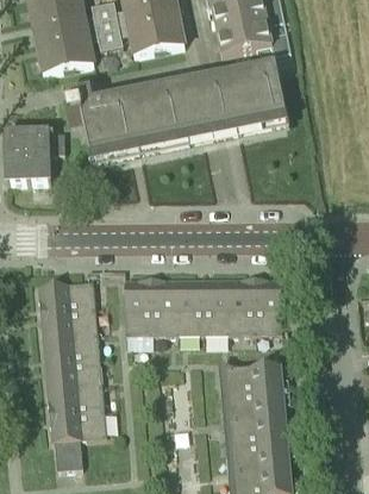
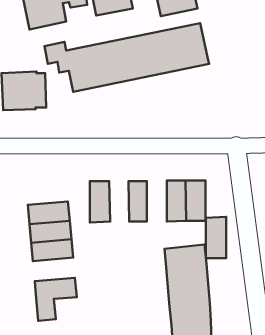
building: [201,276,229,332] -> [206,217,226,258]
building: [150,277,177,332] -> none
building: [37,279,94,309] -> none
building: [46,381,104,413] -> none

